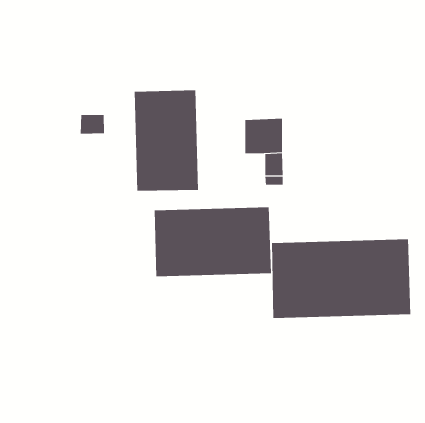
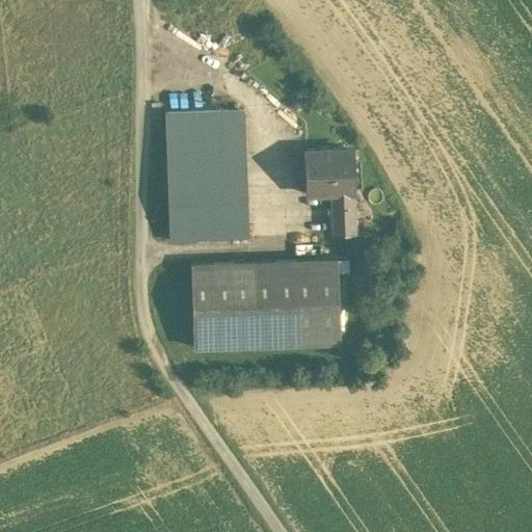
building: [80,114,105,134] -> none
building: [271,238,411,319] -> none

